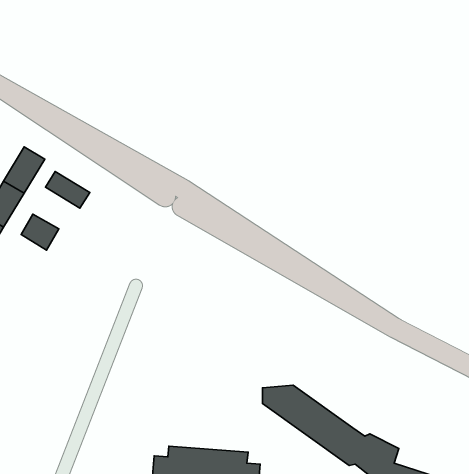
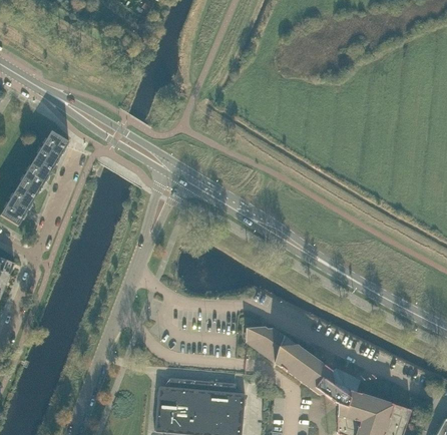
building: [45,172,90,208] -> none
building: [21,214,59,250] -> none

